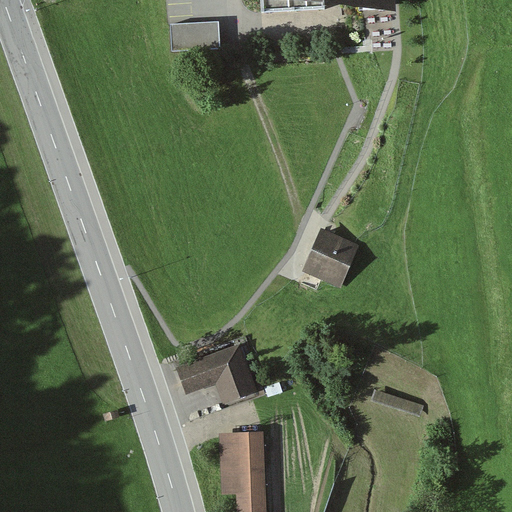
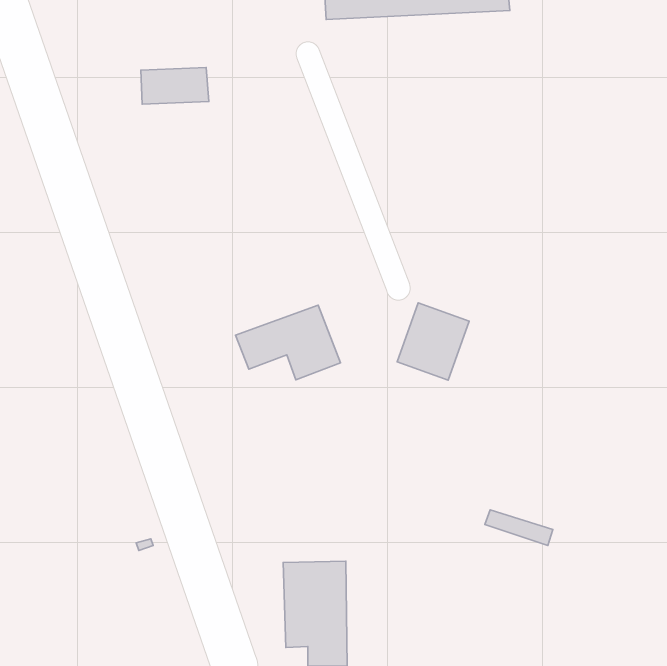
building: [169,22,221,50] -> [141,68,209,104]
building: [175,345,255,402] -> [236,305,340,380]

